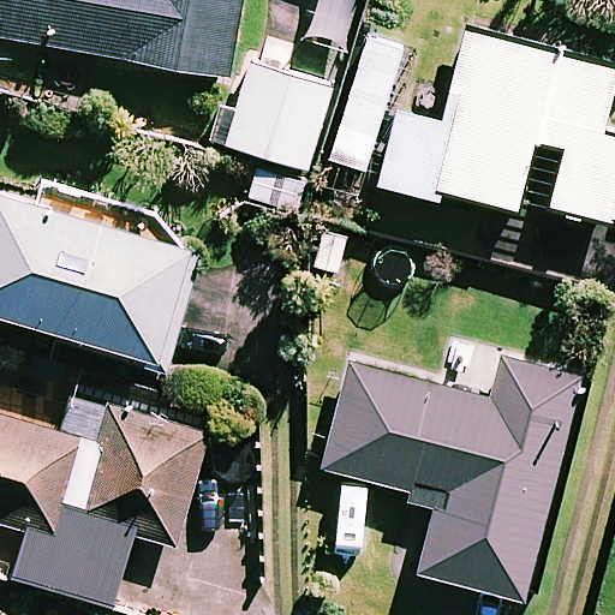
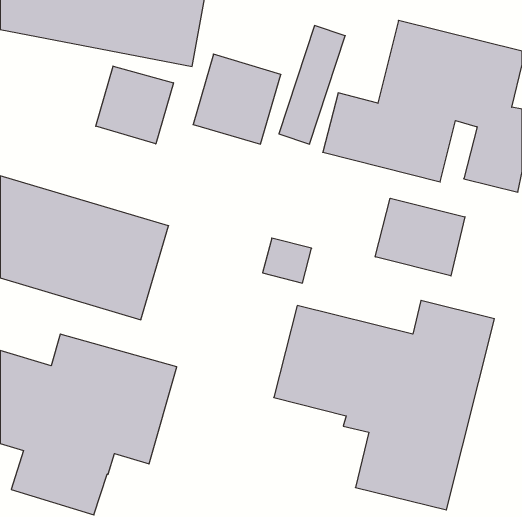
building: none -> [96,66,173,144]
building: none -> [375,198,465,276]

